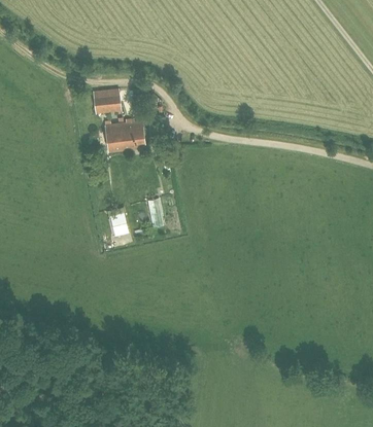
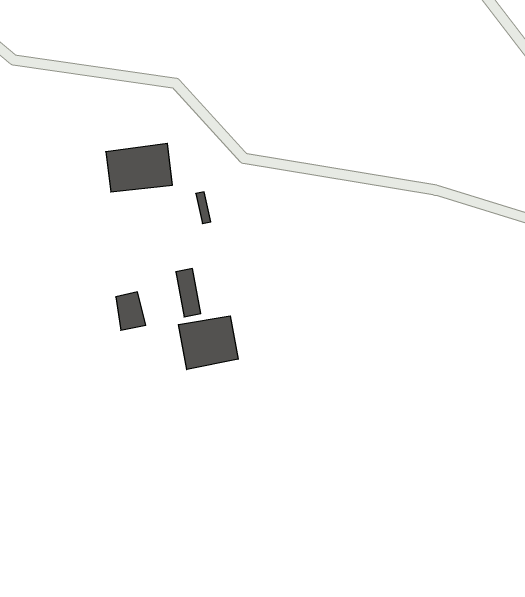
building: [93,88,120,112] -> none
building: none -> [178,316,238,370]

